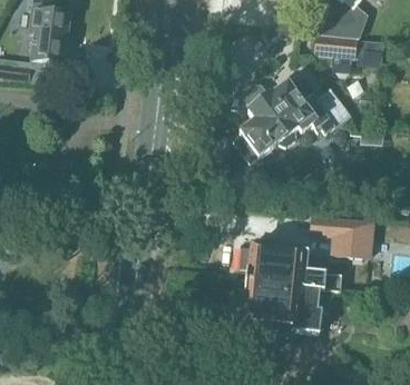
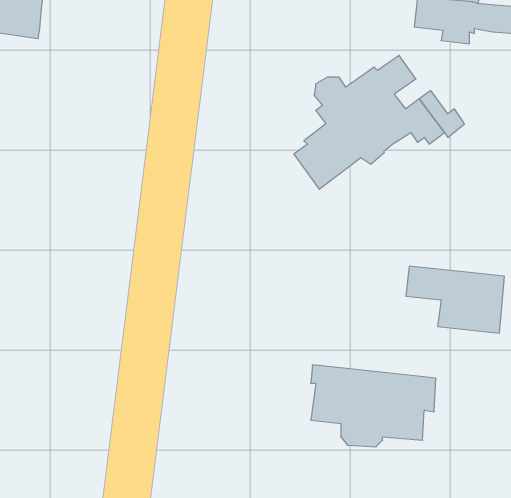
building: [240,236,340,289] -> none

